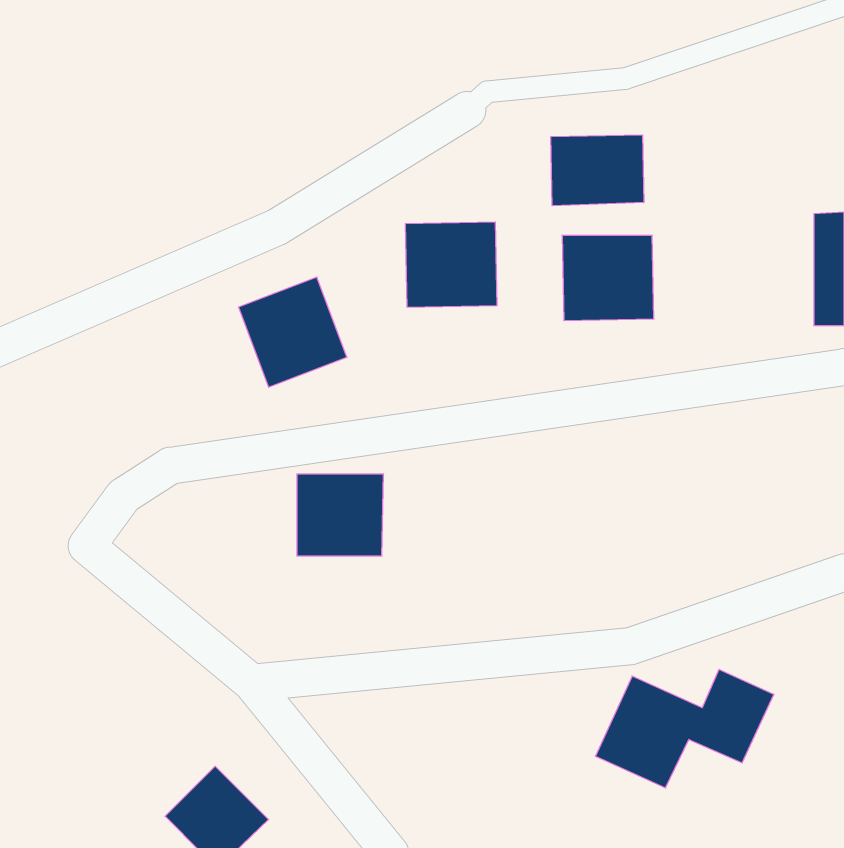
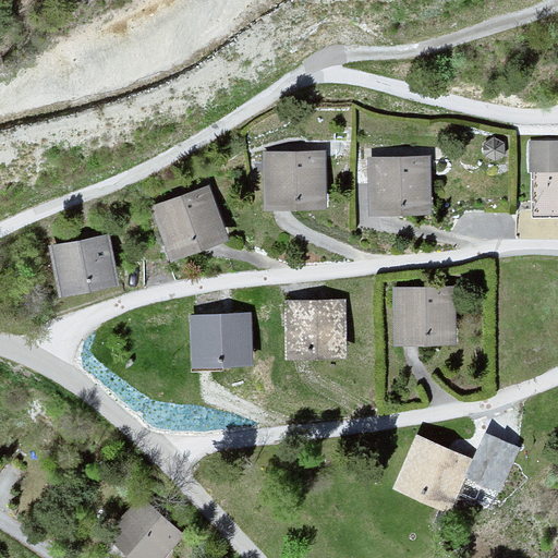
building: [551,135,644,206] -> none
building: none -> [54,232,119,292]
building: none -> [397,288,458,350]
building: none -> [288,302,348,360]

